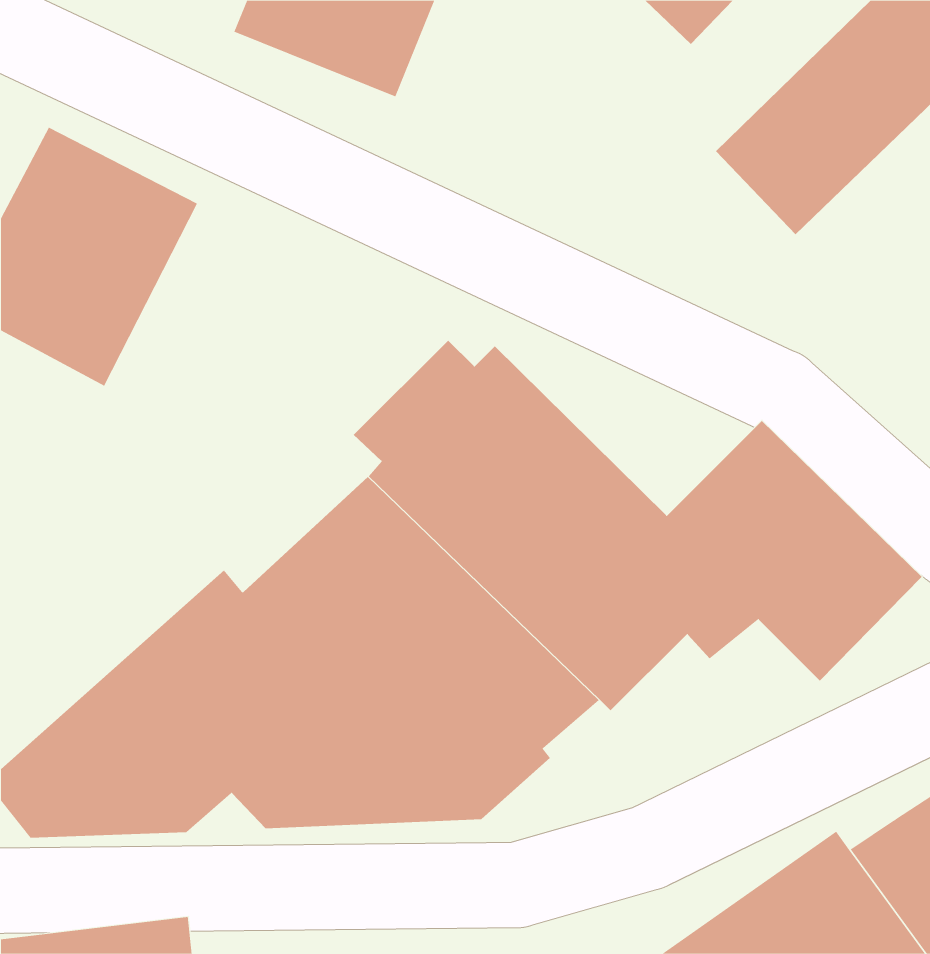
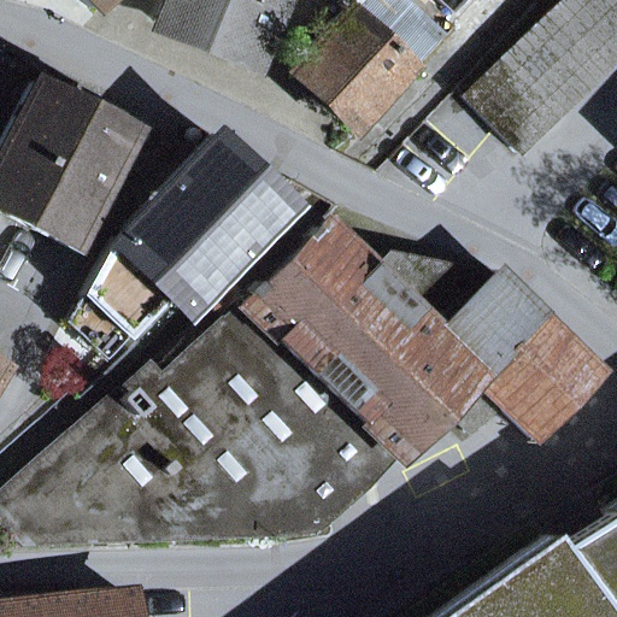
building: none -> [302,8,422,129]
building: none -> [63,136,299,383]

